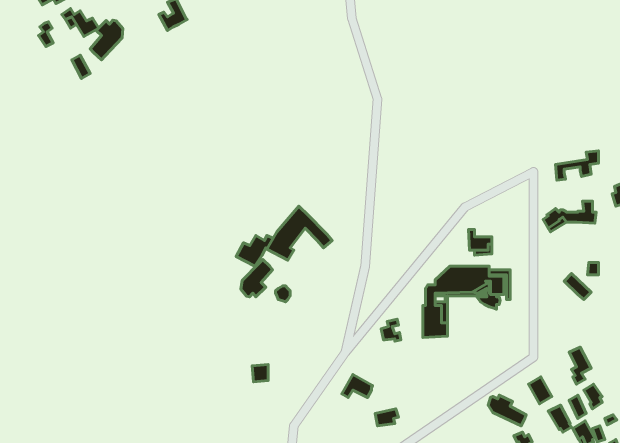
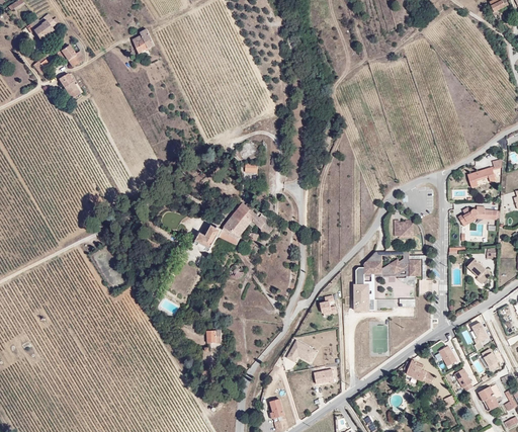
building: [90,20,123,60] -> none
building: [241,260,273,297] -> none

